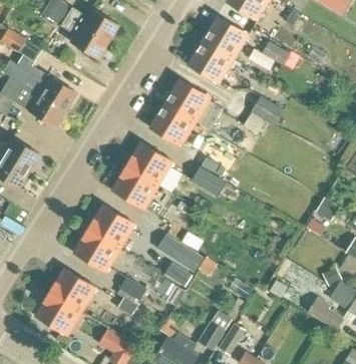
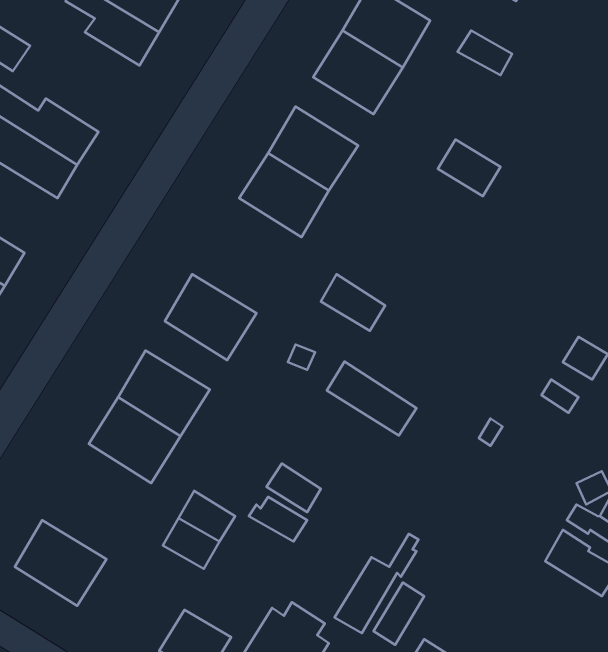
building: [125,141,173,186] -> none
building: [157,231,204,269] -> [327,361,417,435]
building: [48,268,95,312] -> none

